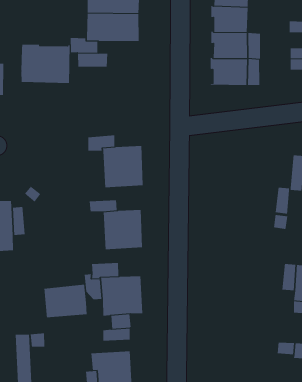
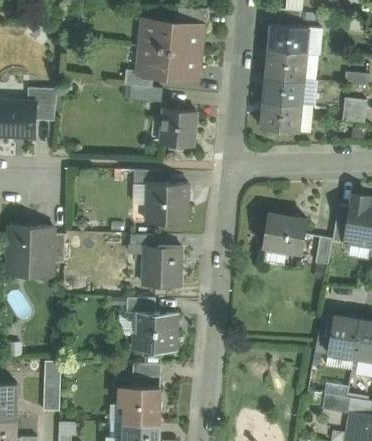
building: [21,44,70,84] -> none
building: none -> [160,108,196,147]
building: none -> [262,214,307,253]
building: [44,284,87,318] -> none

